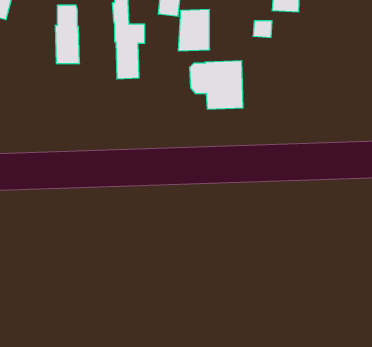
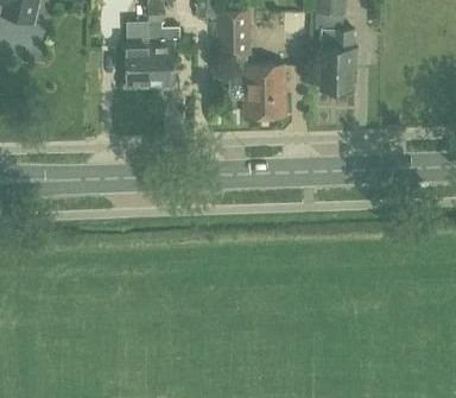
building: [55,5,80,63] -> [125,24,151,86]
building: none -> [321,31,357,89]

